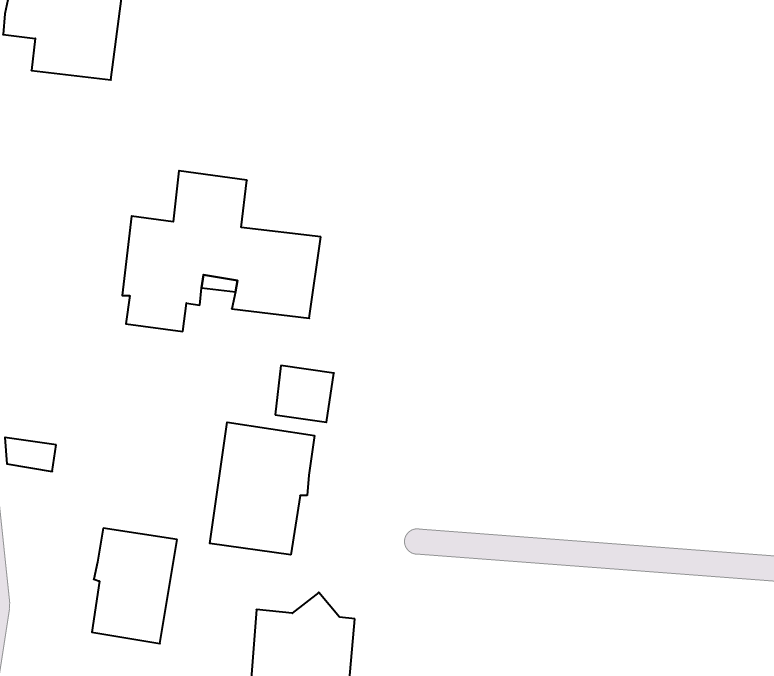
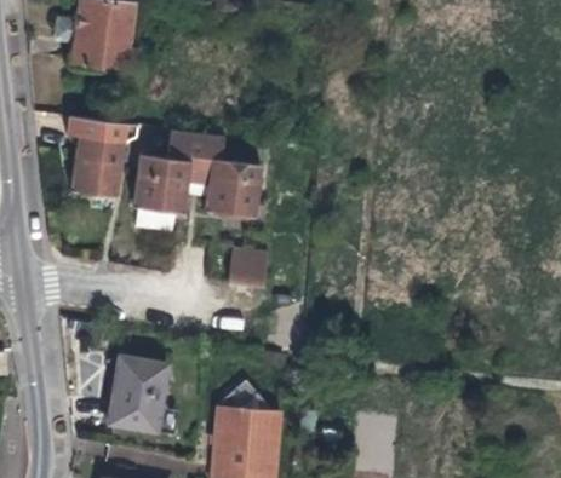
building: none -> [67,113,136,197]
building: [210,422,314,555] -> none

